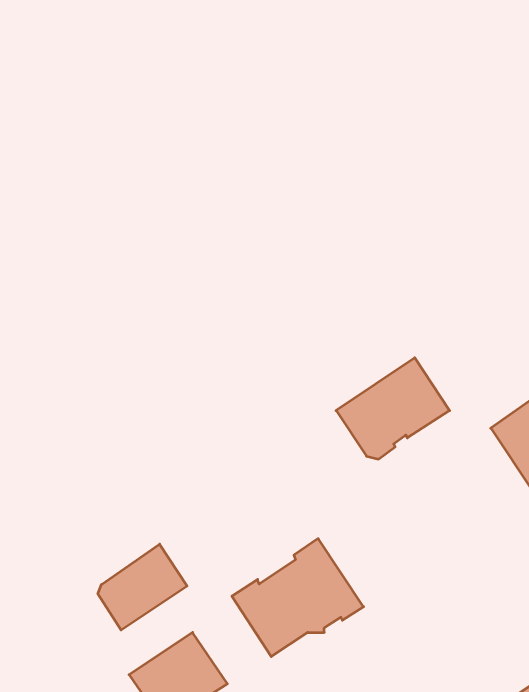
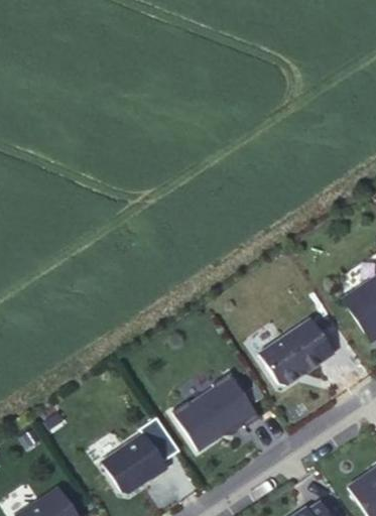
building: [336,358,450,459] -> [259,317,335,385]
building: [98,544,187,630] -> none

